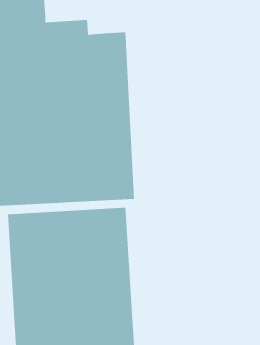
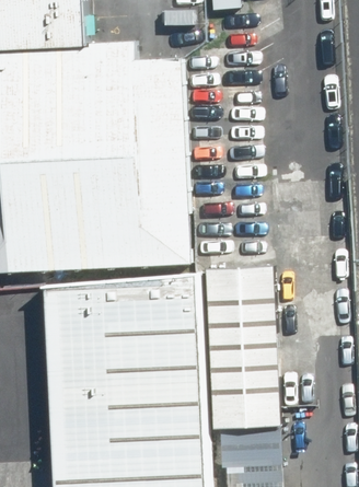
building: none -> [202,268,277,433]

